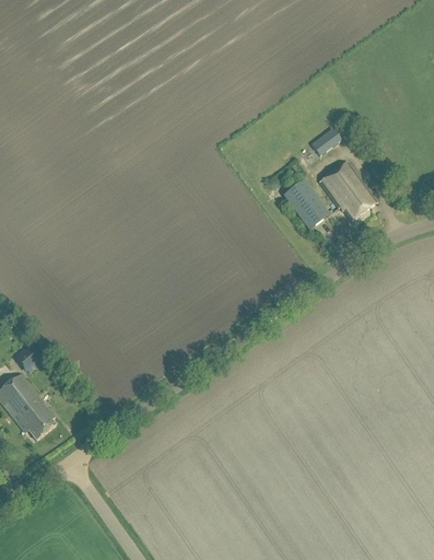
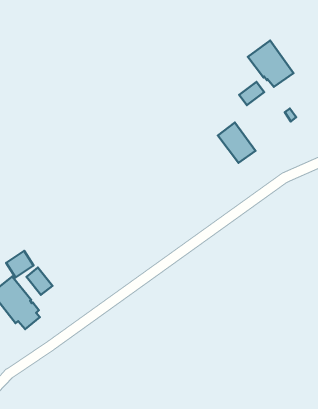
building: [319,161,377,220] -> [248,40,293,87]
building: none -> [26,268,52,295]

